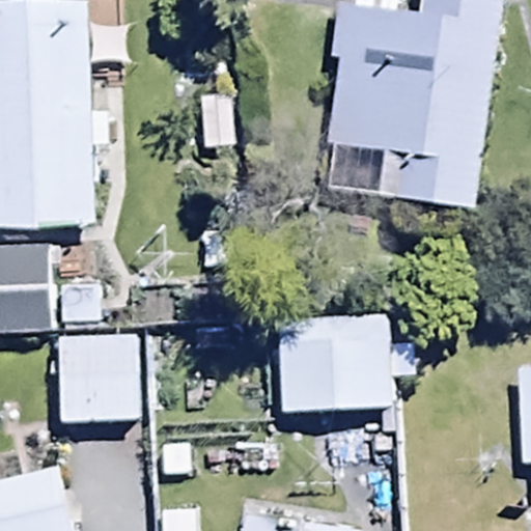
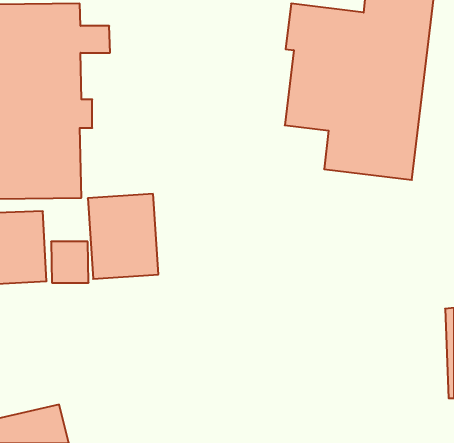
building: [273,313,412,412] -> none
building: [58,328,140,426] -> [88,194,158,279]

